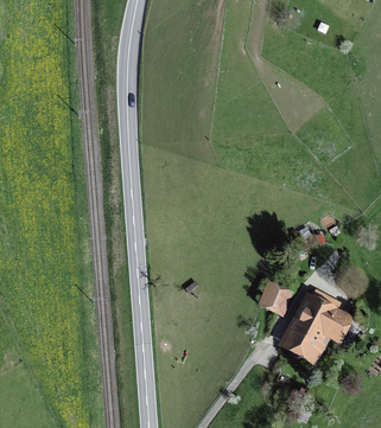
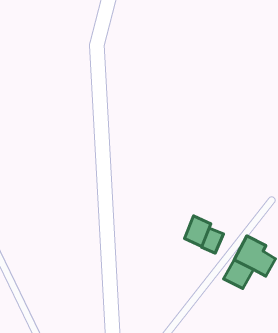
building: none -> [184,216,211,246]

